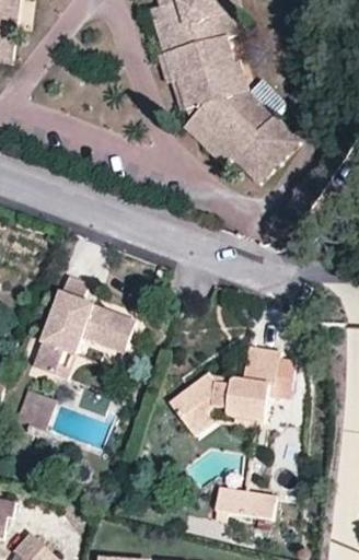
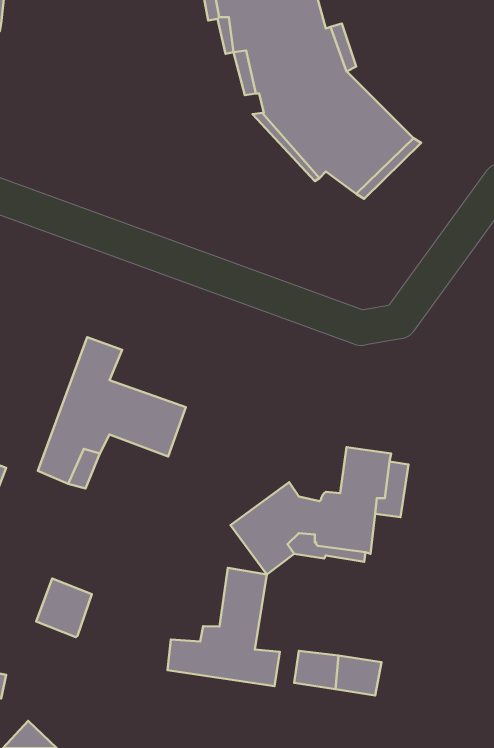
building: [19,388,57,429] -> [36,578,92,637]
building: none -> [167,568,280,686]

